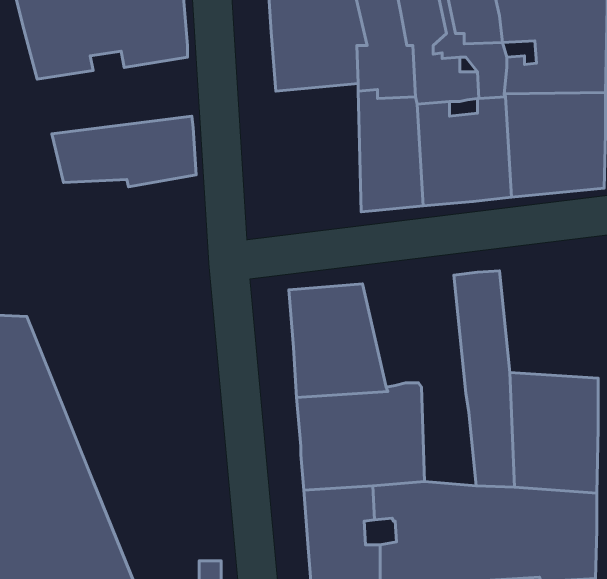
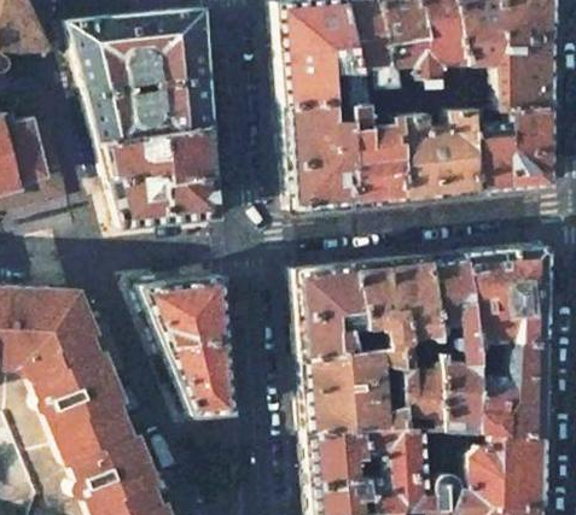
building: none -> [87,77,214,140]
building: none -> [283,99,353,211]
building: none -> [109,174,221,227]
building: none -> [466,244,548,340]
building: none -> [354,256,447,428]
building: none -> [140,275,234,416]

